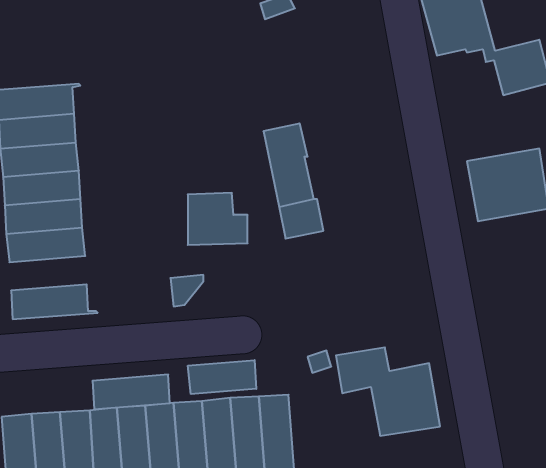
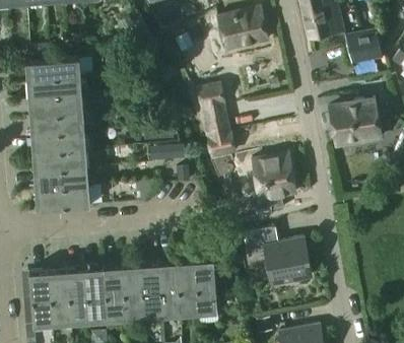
building: none -> [217,12,269,52]
building: none -> [253,154,297,202]
building: [188,360,256,394] -> none
building: [92,375,170,409] -> [35,170,84,193]

